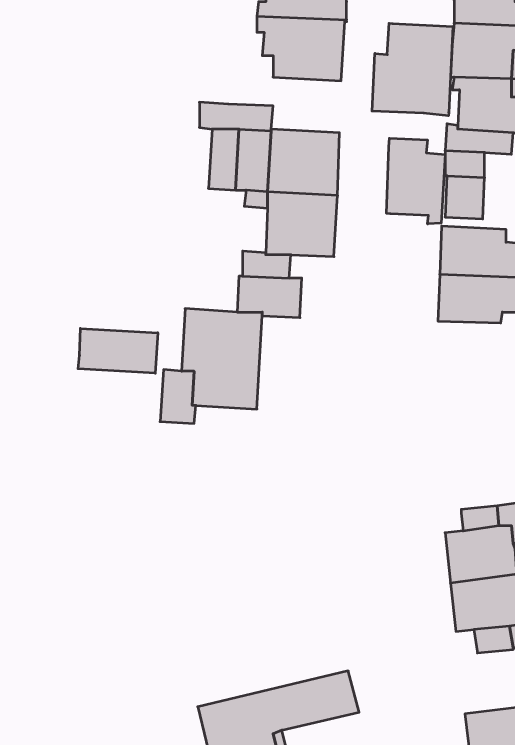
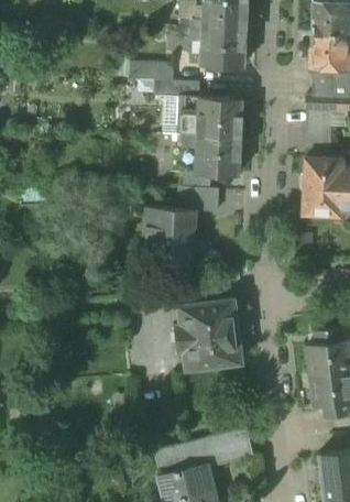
building: [372,23,453,116] -> none
building: none -> [129,61,174,81]
building: [387,138,445,224] -> none
building: [78,328,158,373] -> none
building: none -> [173,298,242,370]

